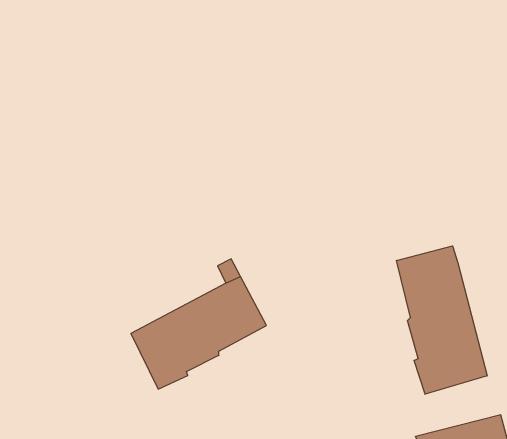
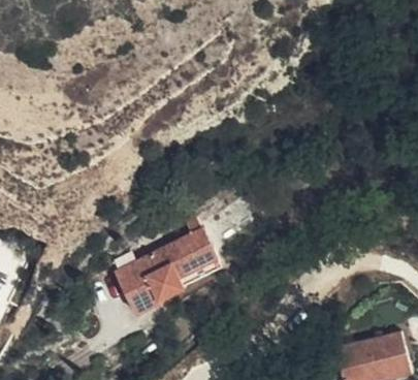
building: [397,246,487,394] -> none

